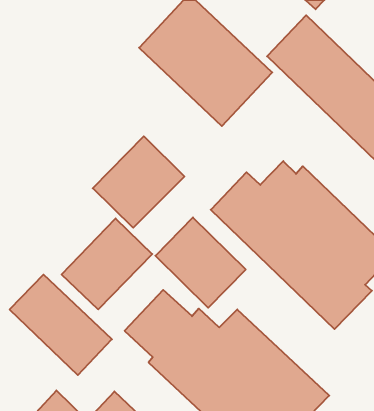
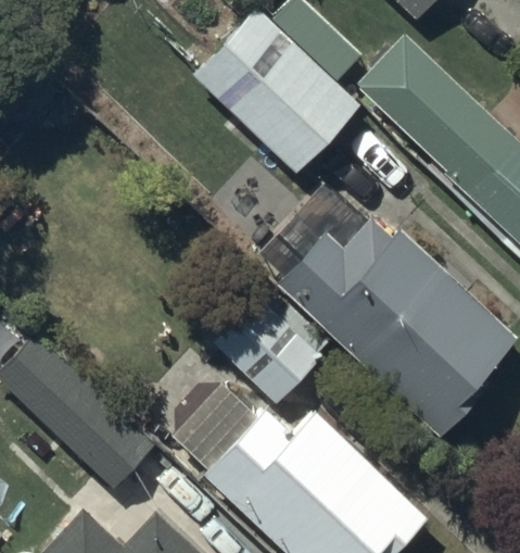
building: [93,136,184,228] -> none
building: [62,218,152,309] -> none

